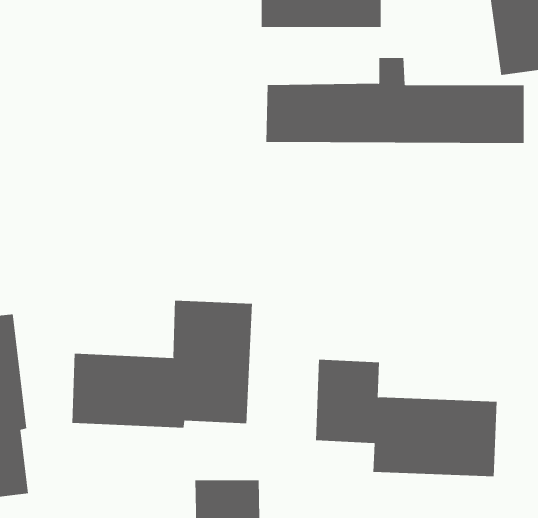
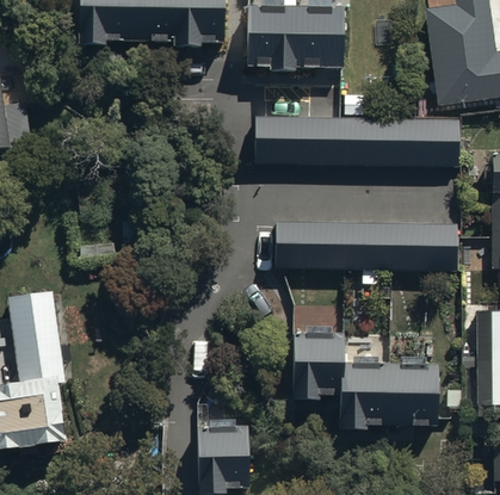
building: none -> [277,222,456,272]
building: [72,300,253,429] -> none

